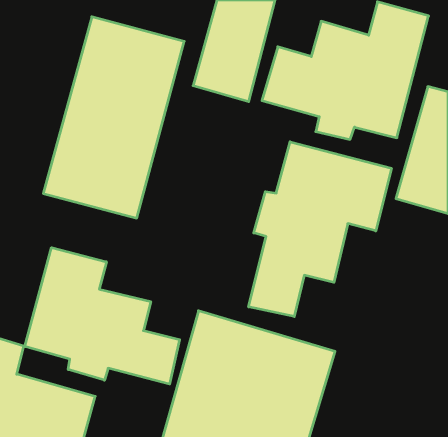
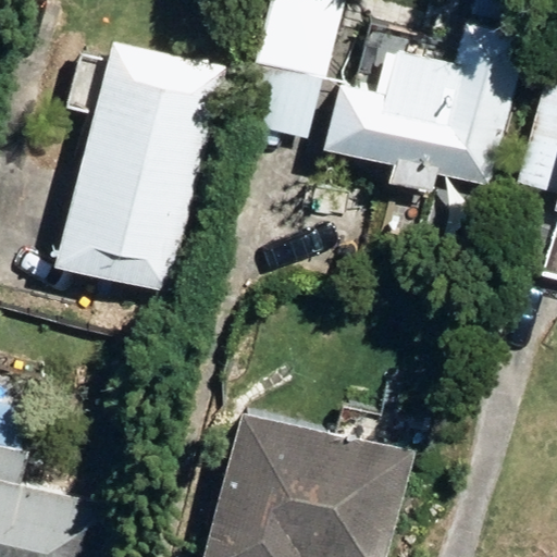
building: [249,142,391,317] -> none
building: [25,248,180,384] -> none

